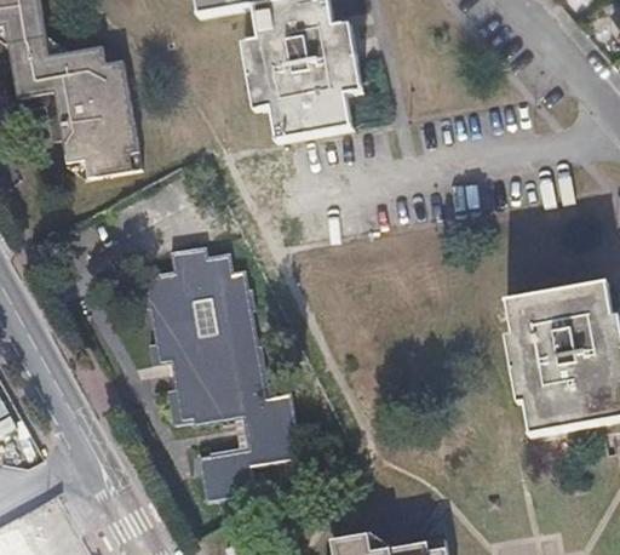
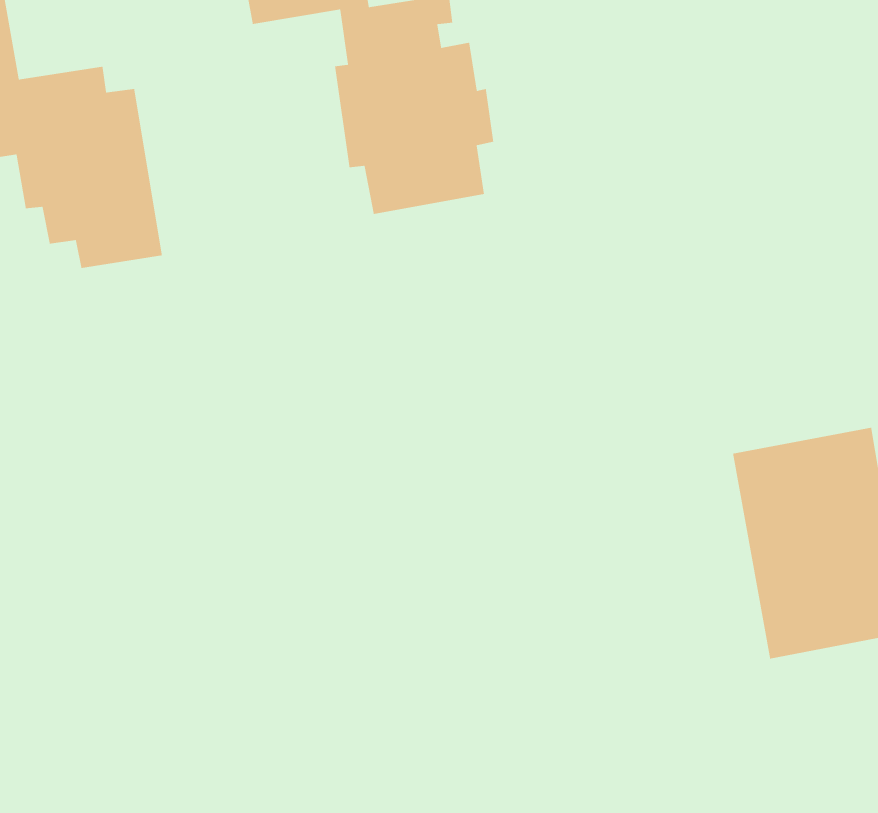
building: [134,246,302,500] -> none

